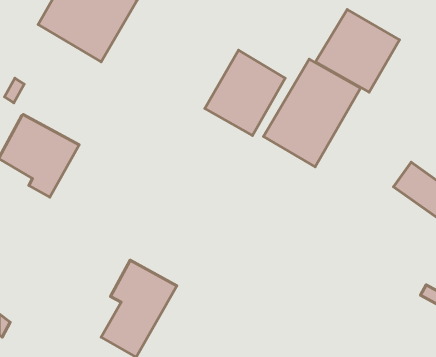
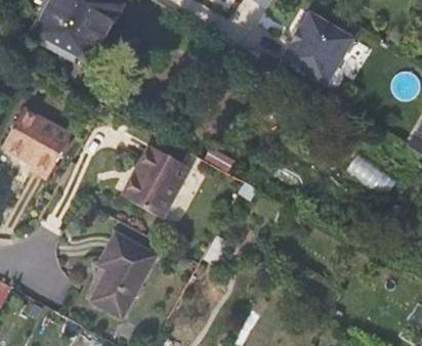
building: [205,50,285,135] -> [121,144,192,219]
building: [263,59,361,167] -> none

